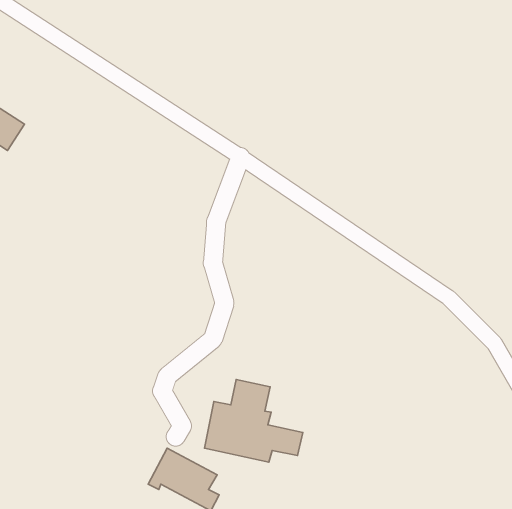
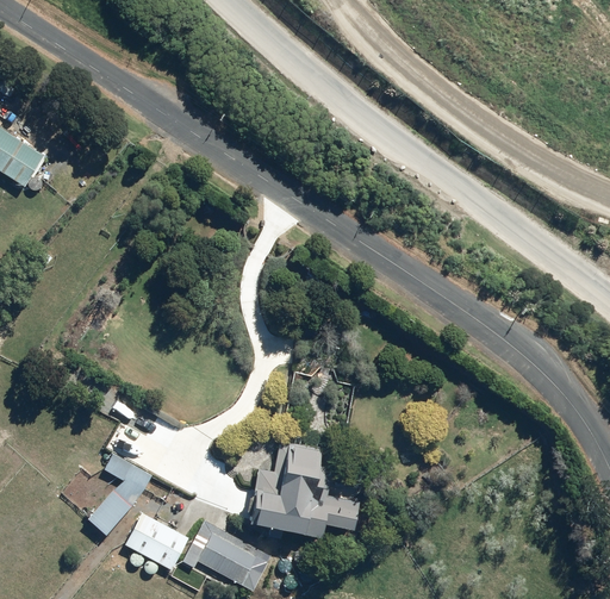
building: none -> [88,453,152,536]
building: none -> [126,516,188,570]

